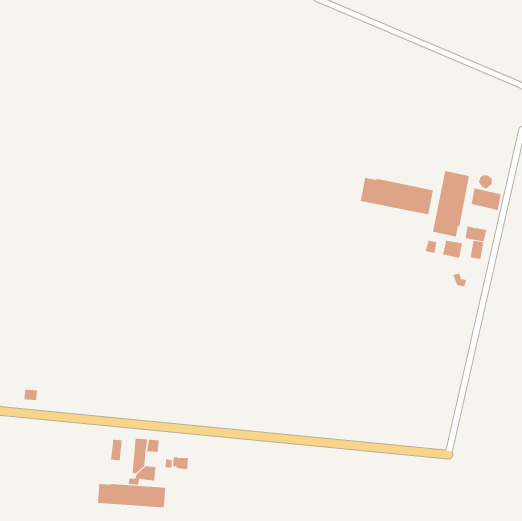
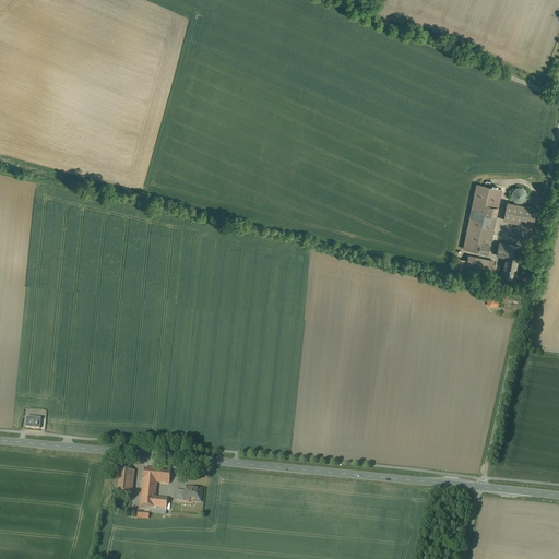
building: [360,177,433,215] -> none
building: [98,483,166,508] -> none

